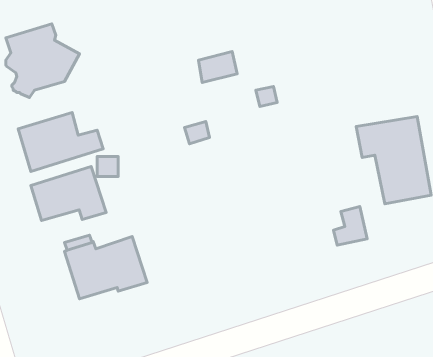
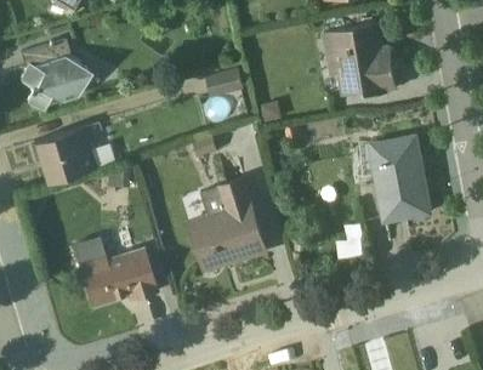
building: none -> [323,24,399,96]
building: none -> [188,178,267,272]
building: [31,166,106,221] -> none

